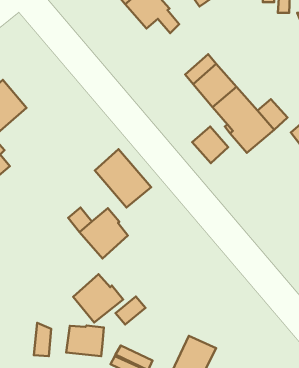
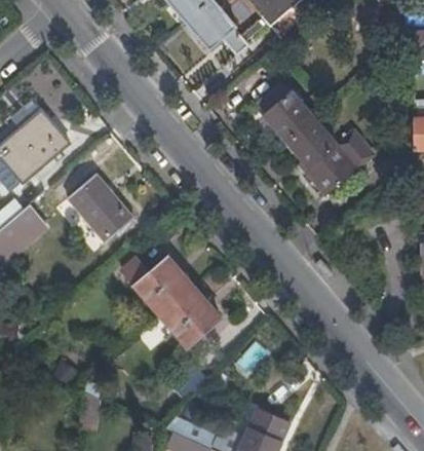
building: [192,126,228,163] -> none
building: [95,149,151,207] -> [69,174,134,241]
building: [73,274,123,322] -> [158,292,217,348]
building: [66,325,104,356] -> none

